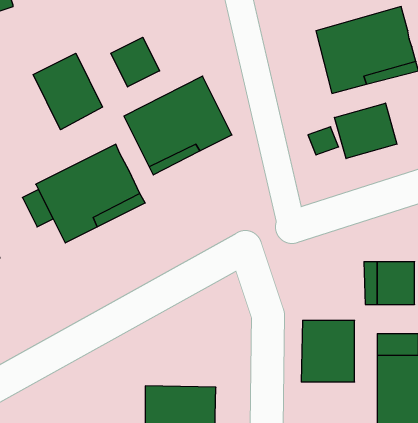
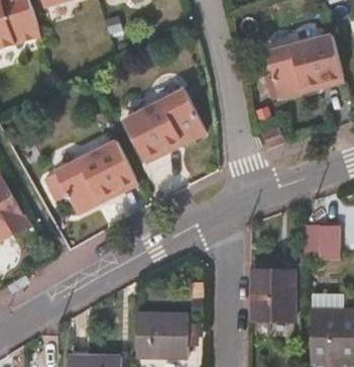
building: [111,37,160,87] -> none
building: [33,53,103,130] -> none
building: [334,103,397,159] -> none

